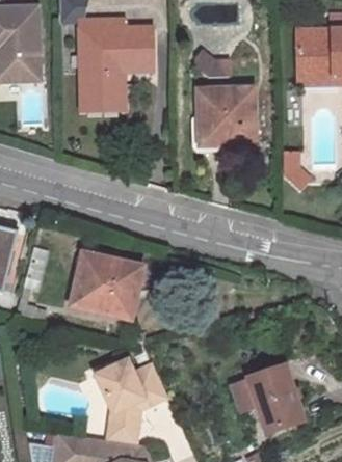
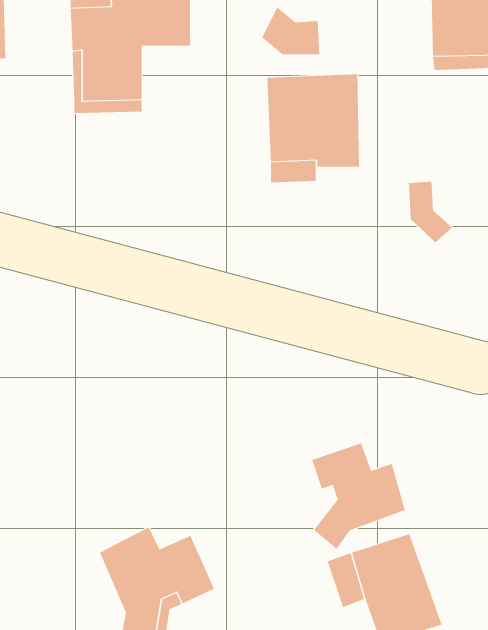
building: [71,252,143,317] -> none
building: none -> [312,442,406,550]

